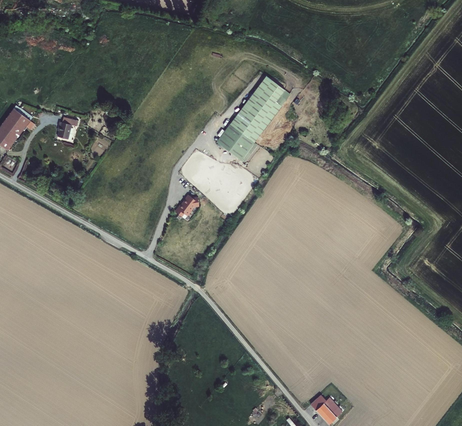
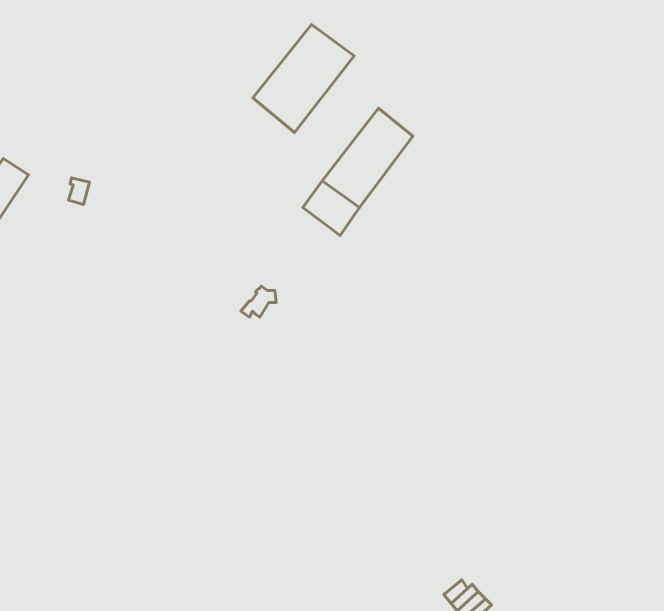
building: none -> [253,25,354,132]

